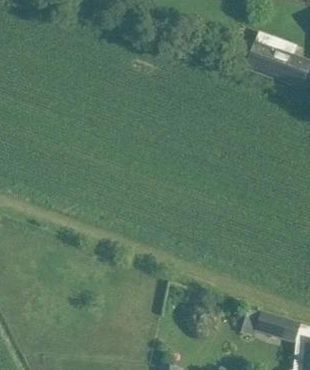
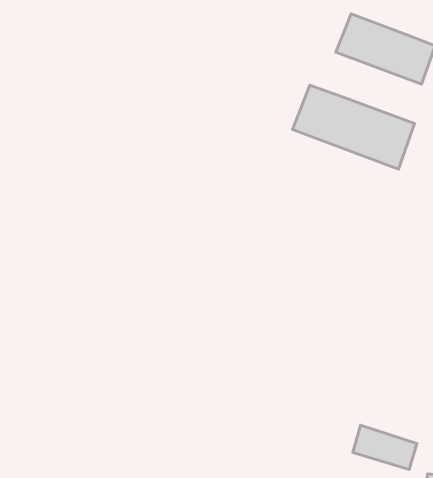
building: none -> [293,85,414,169]

